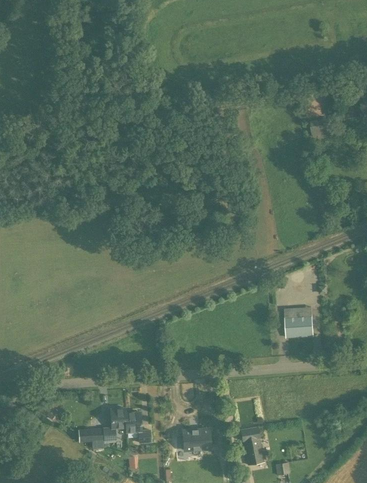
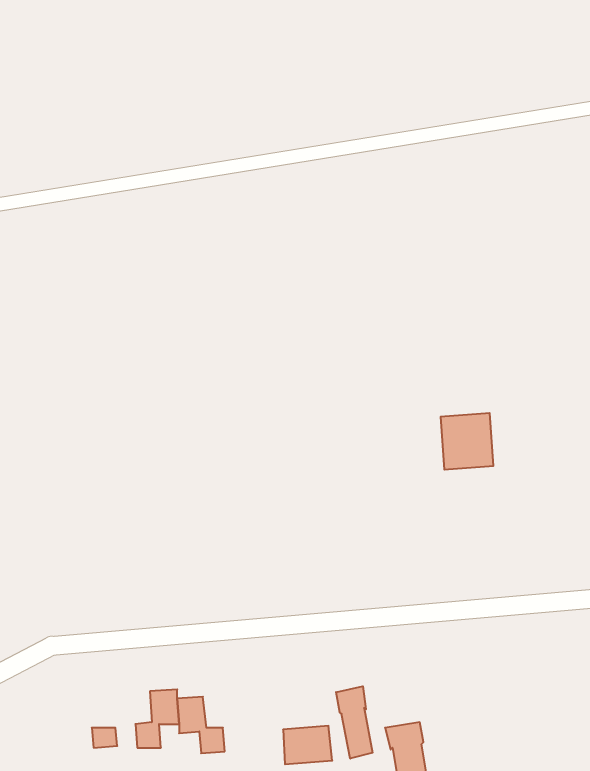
building: [284,307,313,338] -> [441,413,493,470]
building: none -> [336,686,373,759]

